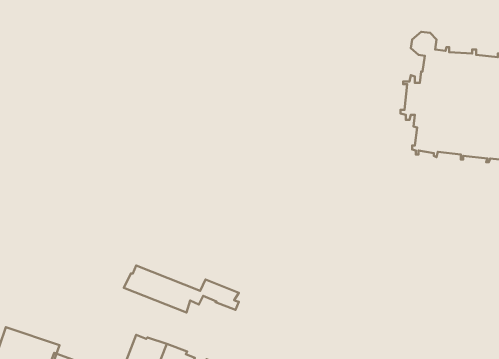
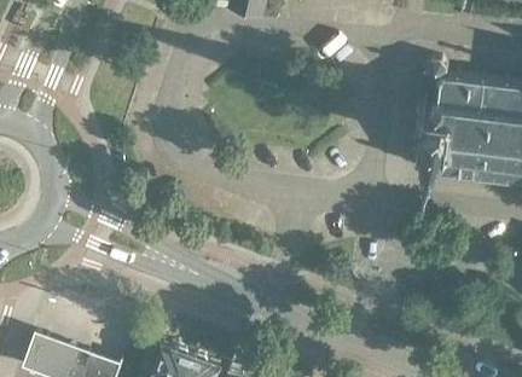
building: [124,266,239,312] -> none

